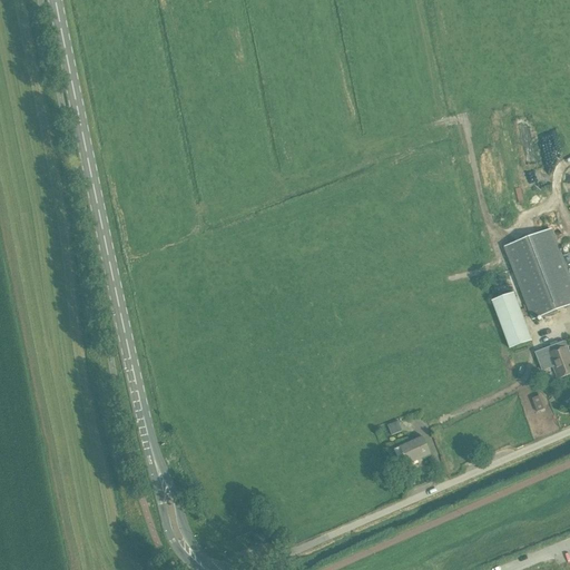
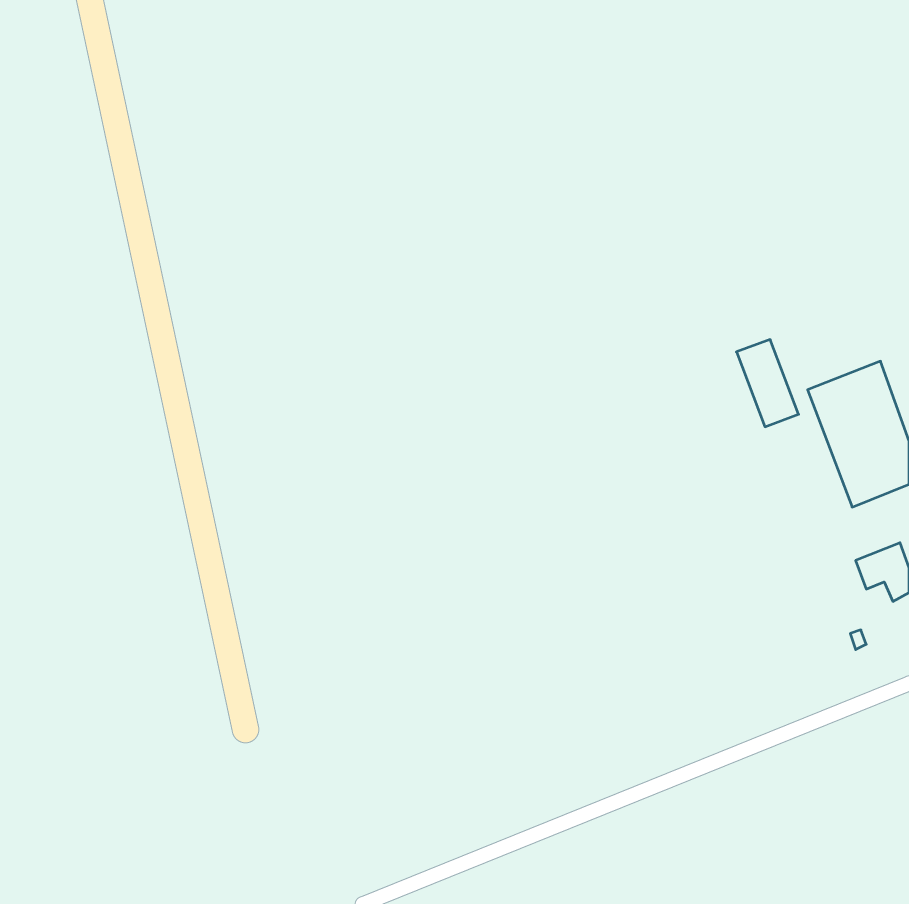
building: [492,292,531,346] -> [736,340,799,427]
building: [394,434,431,463] -> none

